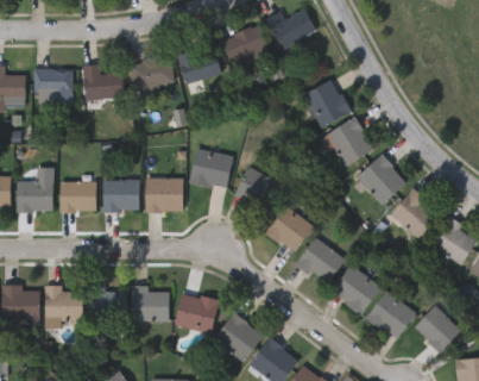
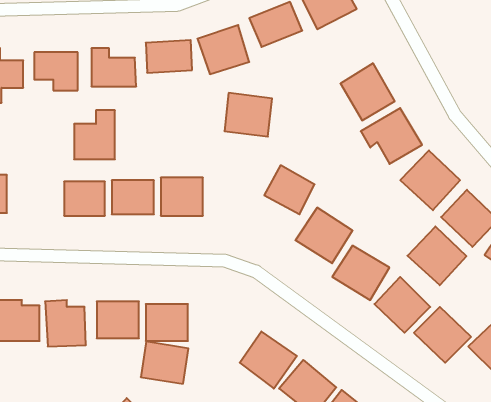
building: [190,150,232,188] -> [224,93,272,137]
building: [18,169,53,212] -> [74,110,115,159]
building: none -> [407,226,466,285]
building: [176,294,218,331] -> [141,342,188,384]

